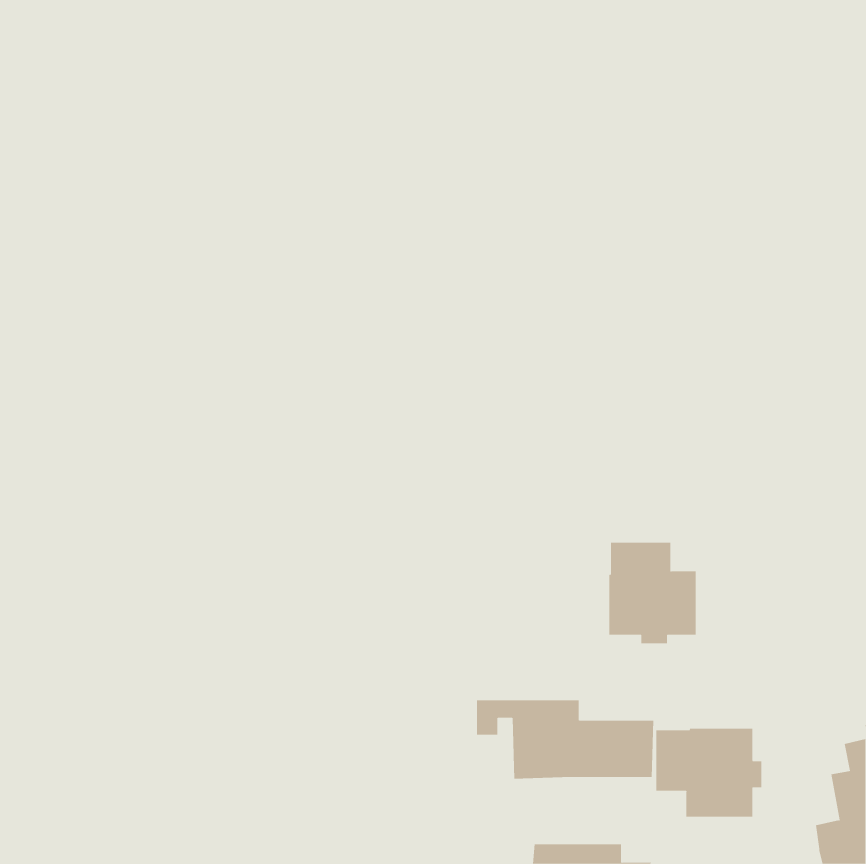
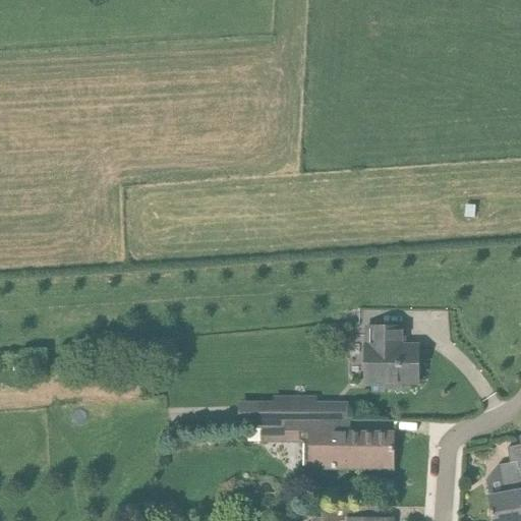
building: none -> [257,397,331,425]
building: [656,728,762,817] -> none

